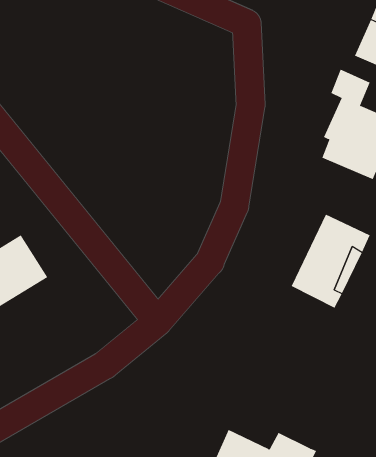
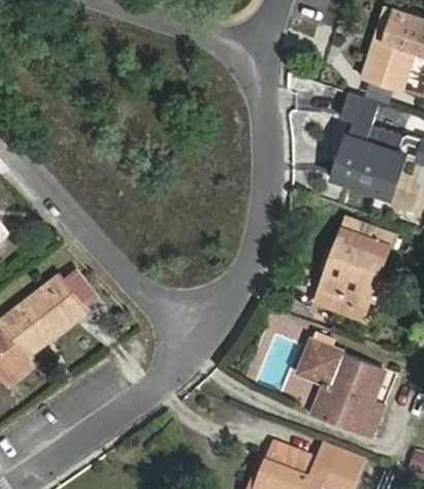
building: none -> [299,341,396,437]

